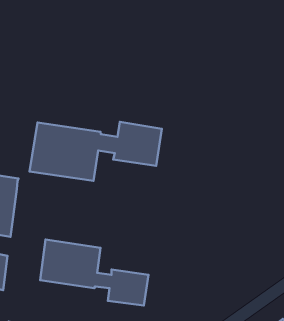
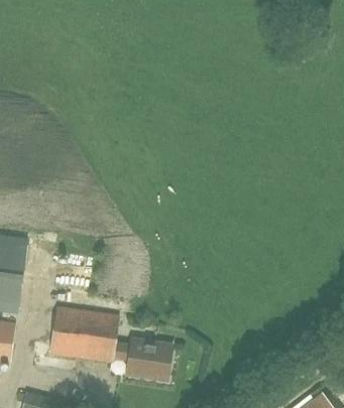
building: [30,122,162,181] -> none

